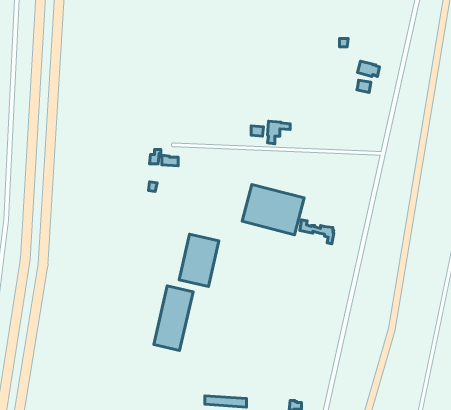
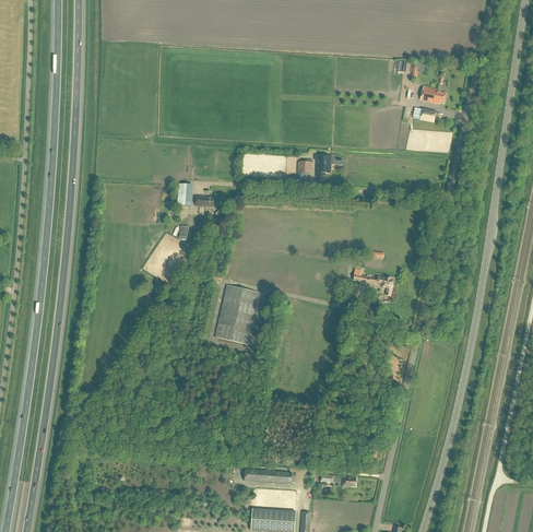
building: [242,184,304,235] -> none
building: [154,286,193,351] -> none

